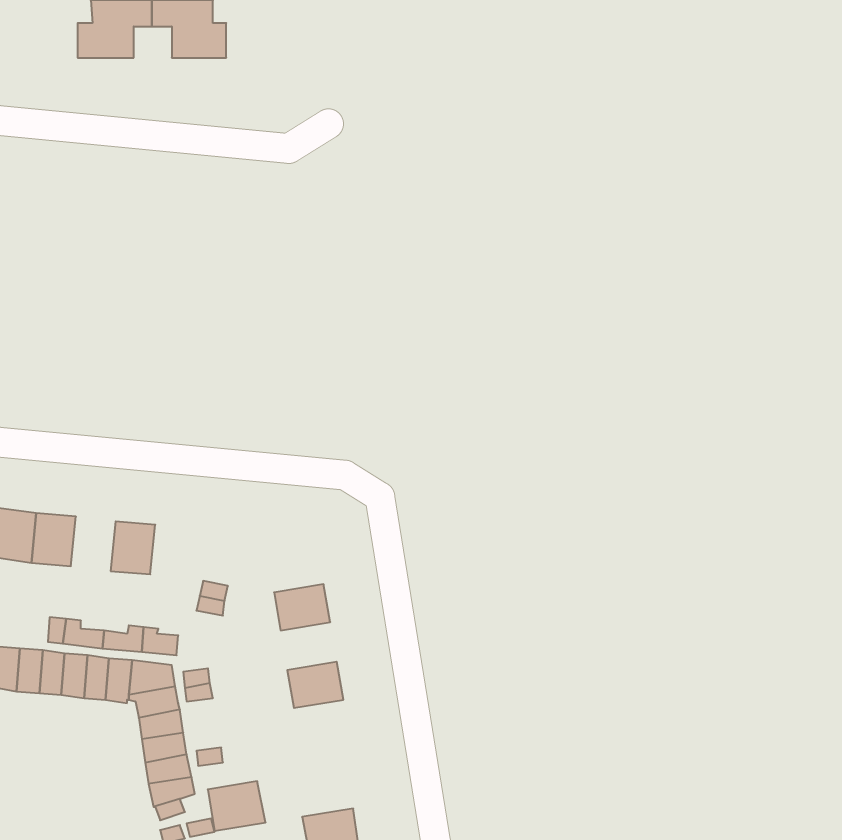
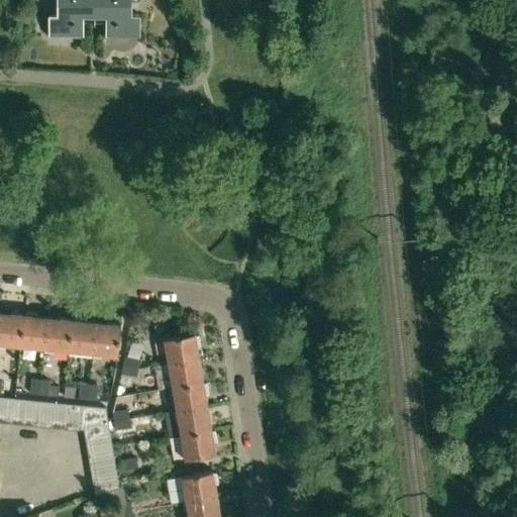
building: none -> [43,318,71,351]
building: none -> [92,323,120,356]
building: none -> [164,334,198,365]
building: none -> [172,383,206,412]
building: none -> [180,430,215,460]
building: [208,781,266,831] -> [181,472,216,502]

